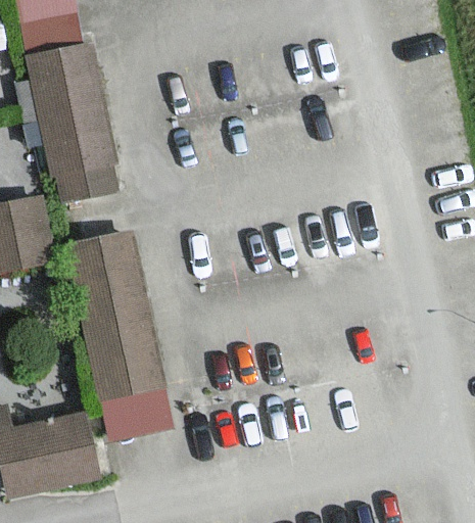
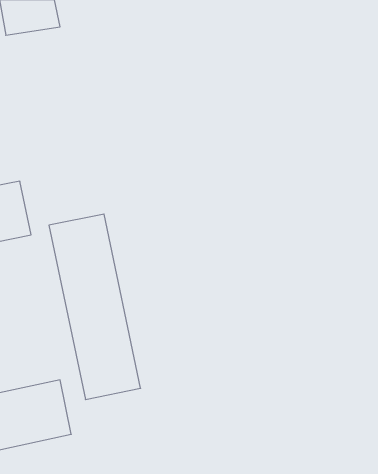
building: [33,46,116,197] -> none

